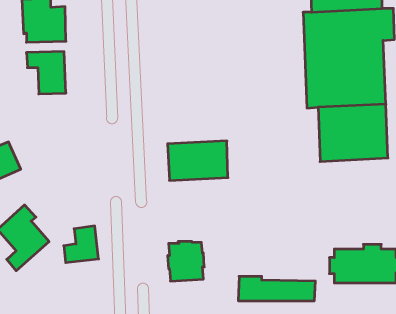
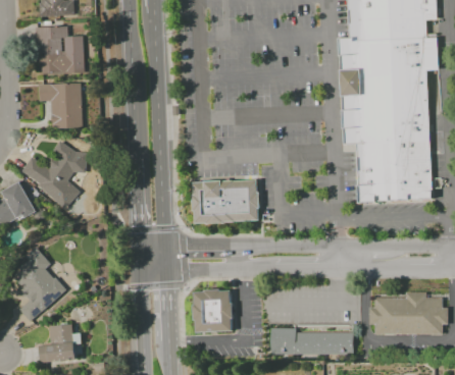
building: none -> [18,141,89,205]
building: [64,226,99,263] -> [37,323,74,363]

